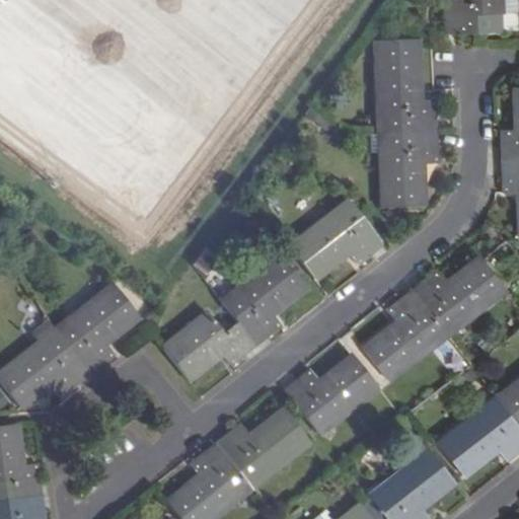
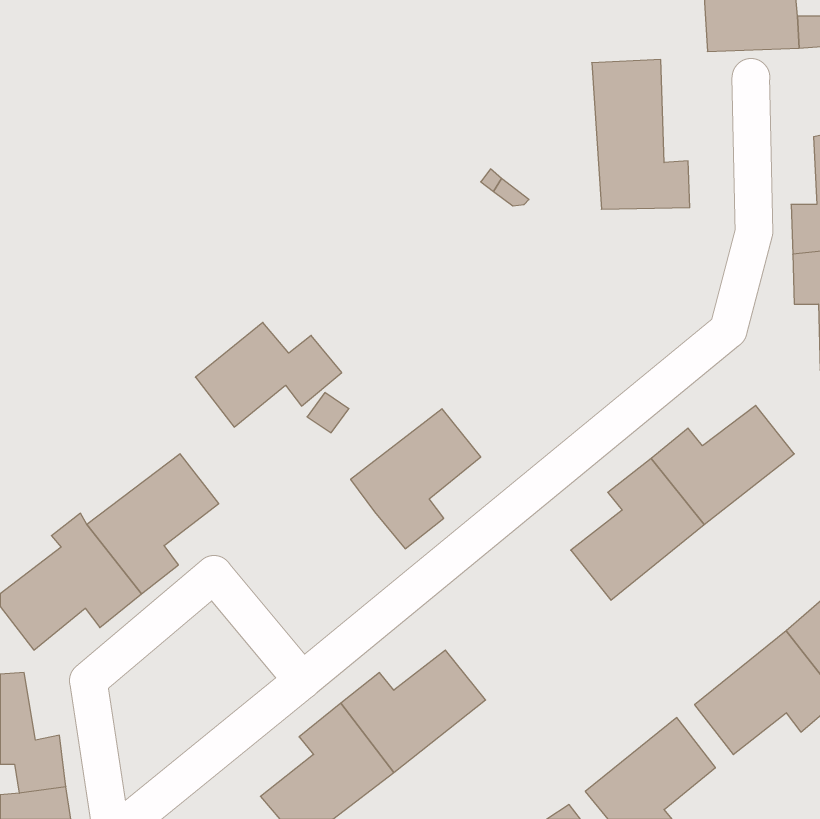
building: [380,131,437,208] -> none
building: [290,203,383,280] -> none
building: [164,314,256,380] -> [195,322,342,427]
building: [283,355,376,432] -> none

